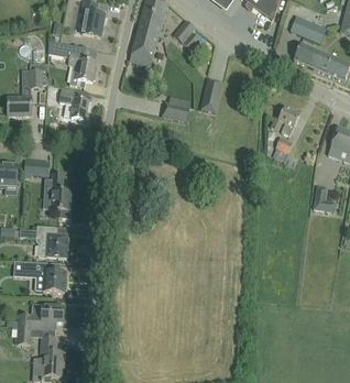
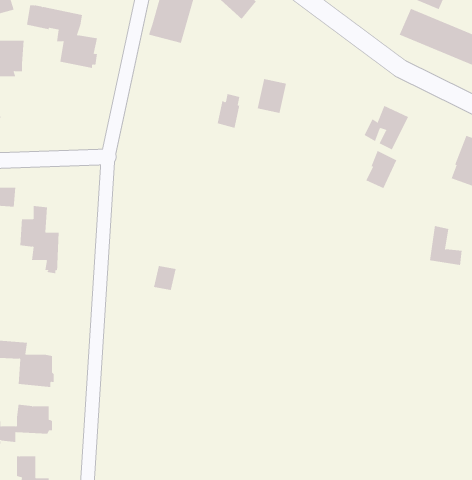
building: [59,89,88,120] -> none
building: [36,226,68,259] -> none

